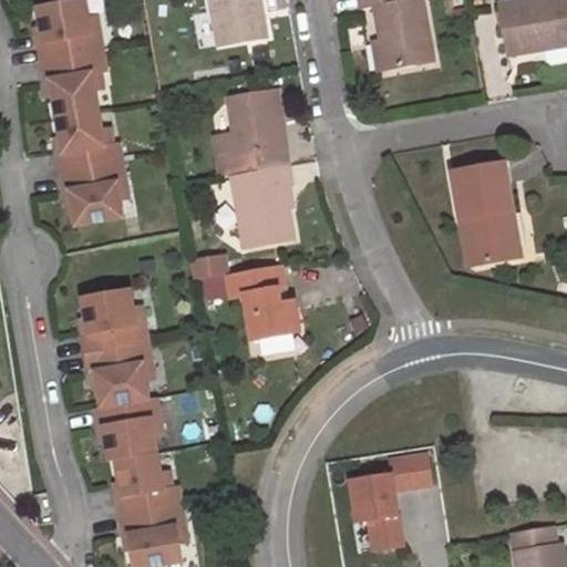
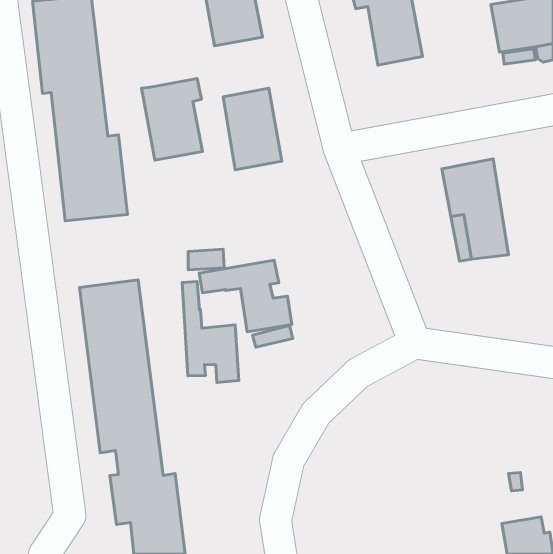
building: [230,164,292,247] -> [142,79,203,160]
building: none -> [182,281,239,382]
building: [350,449,435,550] -> none

